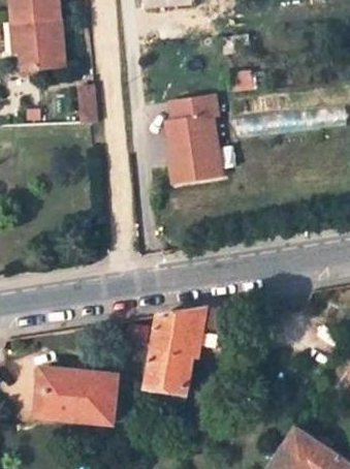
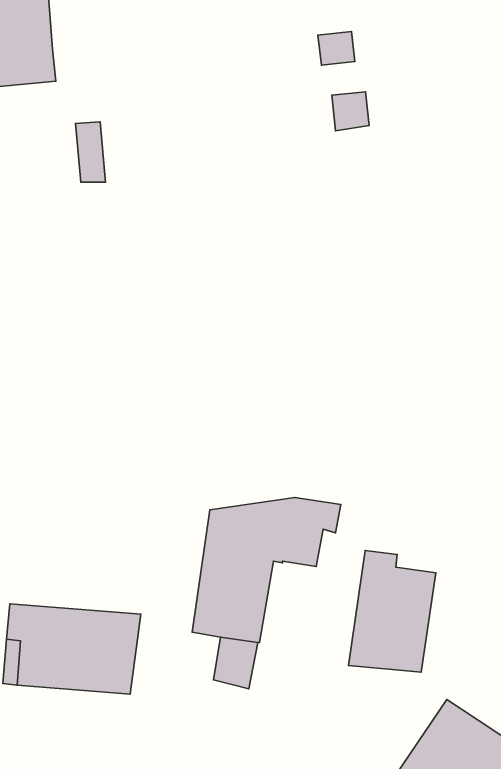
building: [159,91,219,184] -> none
building: none -> [349,550,436,672]

